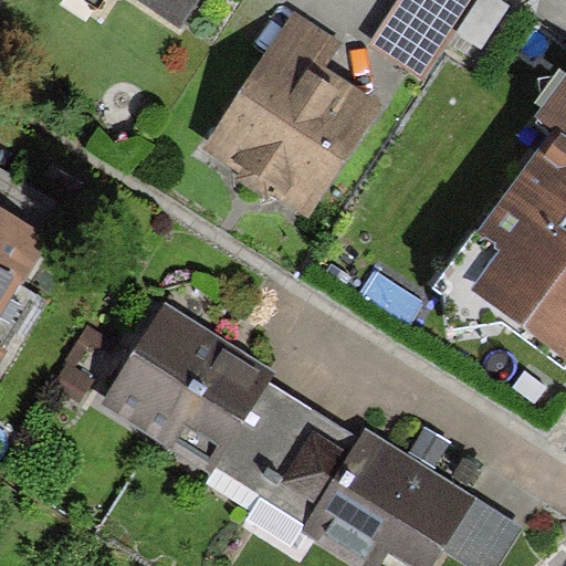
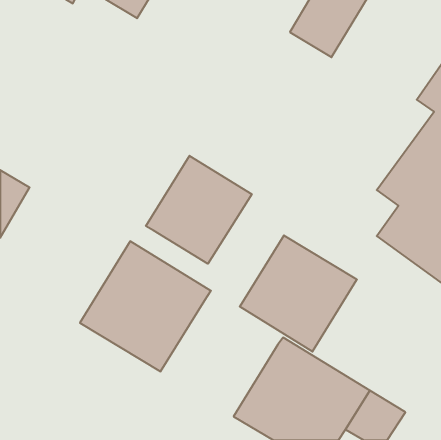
building: [208,9,373,199] -> none
building: none -> [146,156,252,264]
building: [208,382,357,531] -> [240,235,357,352]

